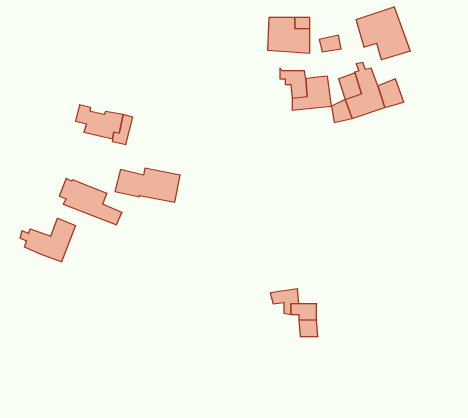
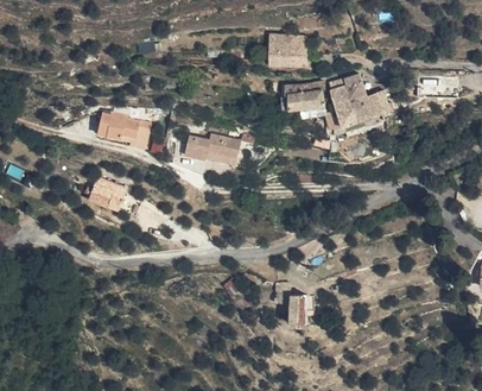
building: [356,7,410,60] -> none
building: [115,168,180,202] -> [185,134,242,164]
building: [20,218,75,262] -> none

